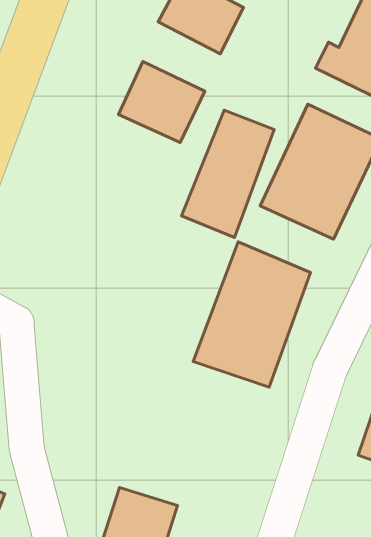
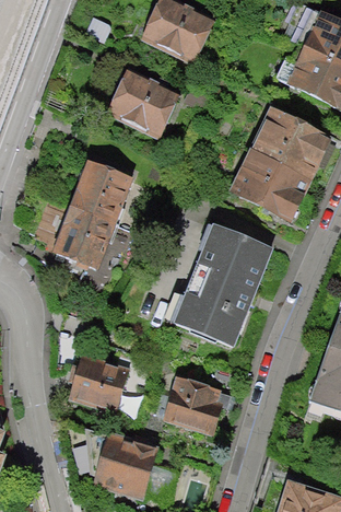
building: [182,110,274,238] -> [52,159,131,267]
building: none -> [68,350,131,410]
building: none -> [163,377,227,435]

